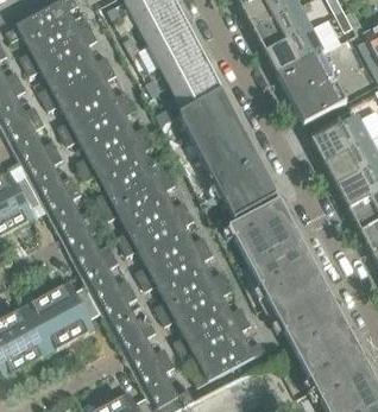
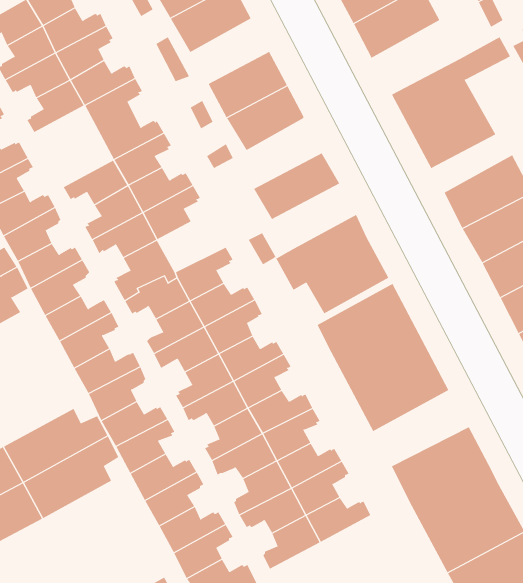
building: [146,24,199,66] -> none
building: [265,25,323,74] -> none
building: [44,81,96,134] -> none
building: [179,89,233,135] -> none
building: [200,132,256,176] -> none
building: [125,157,170,190] -> none
building: [266,267,329,317] -> none

